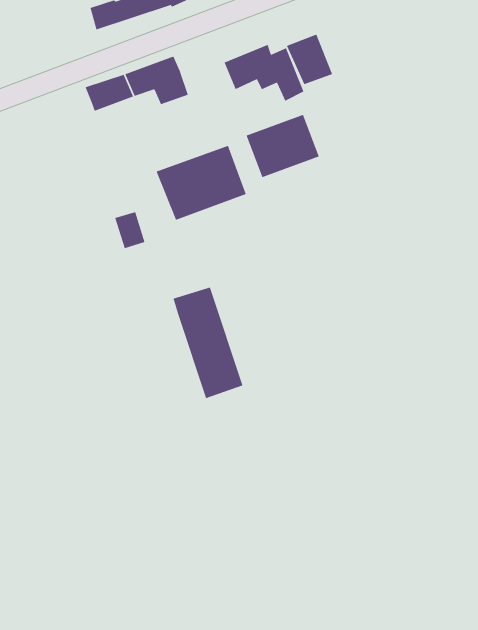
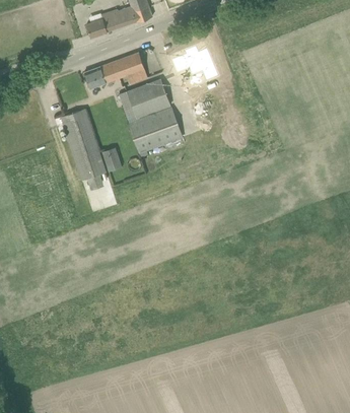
building: [286,34,333,85] -> none
building: [245,114,320,178] -> [126,79,171,119]
building: [172,287,244,399] -> [61,110,104,179]

